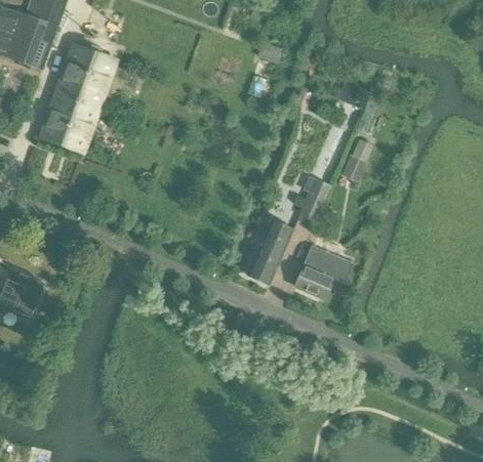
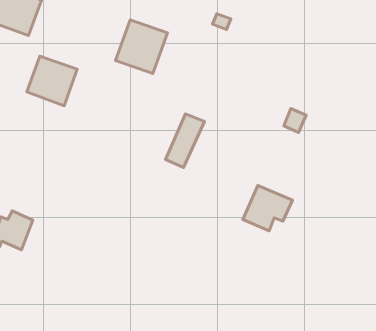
building: [54,44,116,108] -> [115,20,168,74]
building: [299,176,329,220] -> none
building: [247,219,293,283] -> [165,114,204,167]

